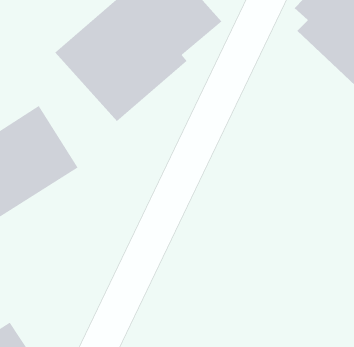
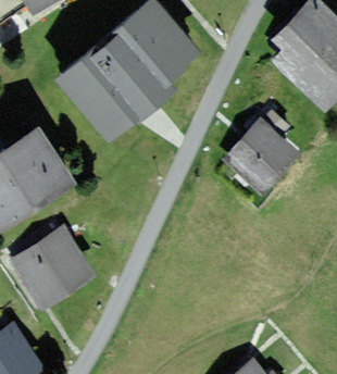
building: none -> [224,111,301,196]
building: none -> [11,227,95,310]

